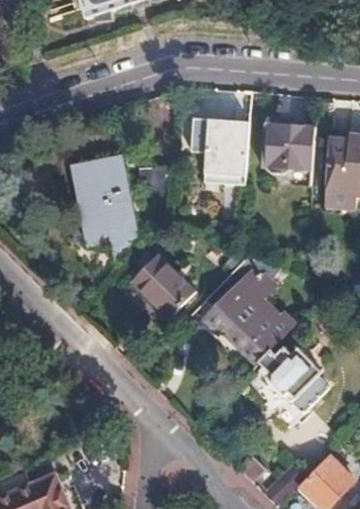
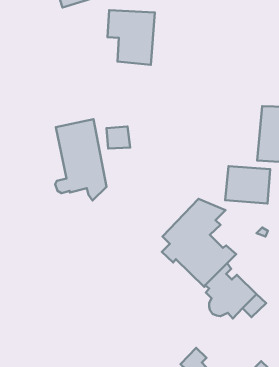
building: [192,119,250,187] -> [108,10,155,65]
building: [261,124,317,171] -> [225,166,270,203]
building: [133,257,198,321] -> none

